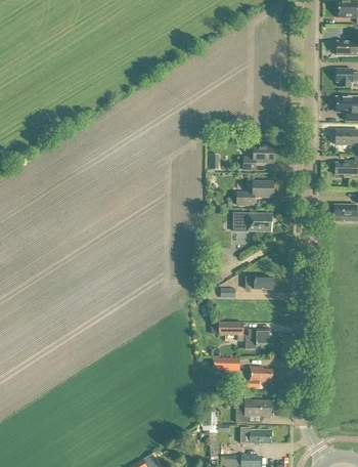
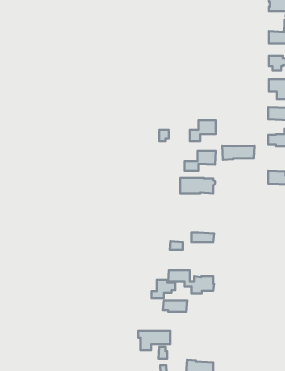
building: none -> [222,146,254,160]
building: [244,366,272,387] -> [152,280,175,298]
building: [233,399,271,422] -> [138,331,170,350]

